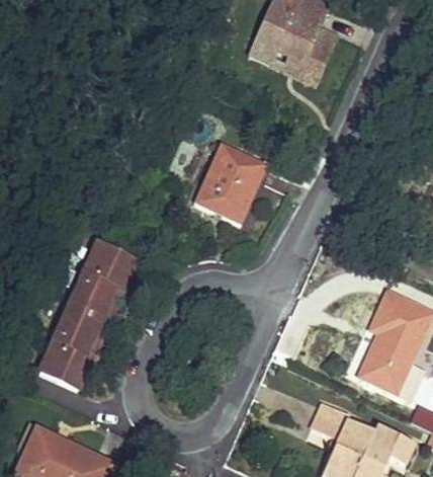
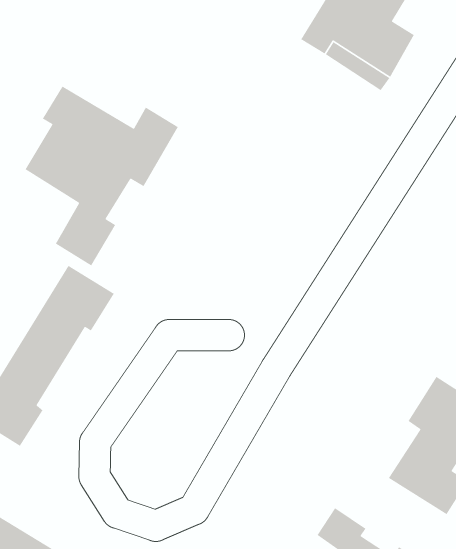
building: none -> [25,86,179,267]
building: [193,144,267,224] -> none

